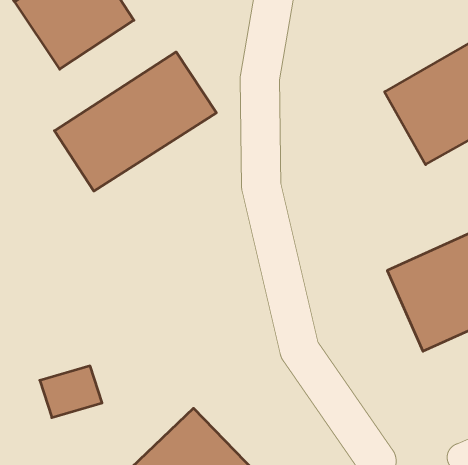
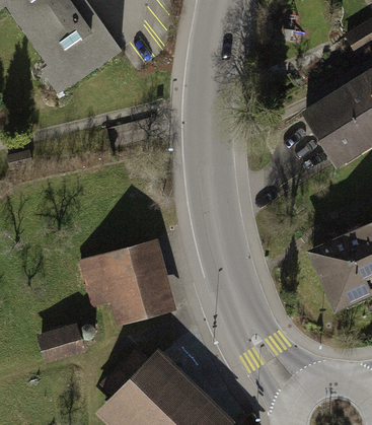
building: [54,52,216,191] -> none
building: none -> [80,247,169,329]

